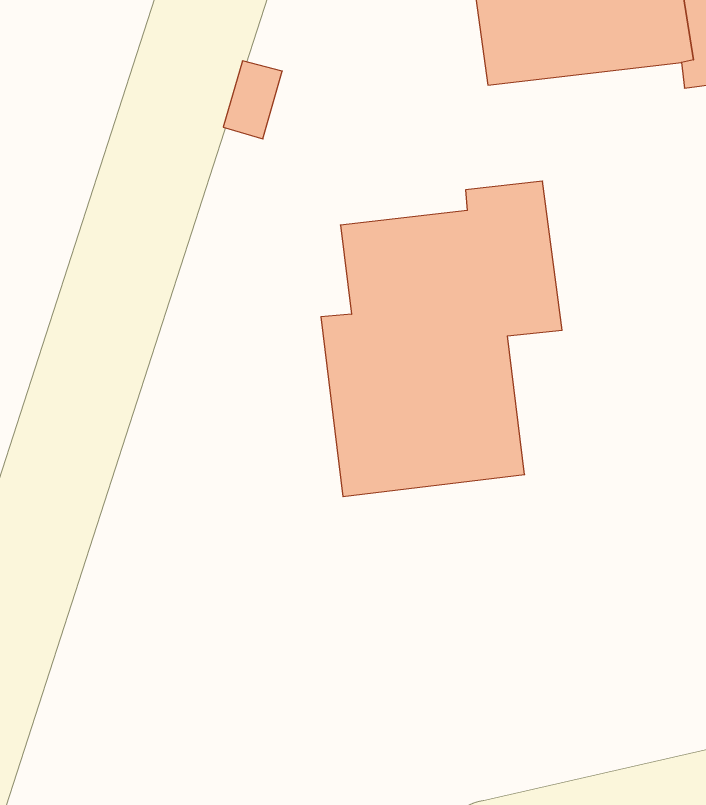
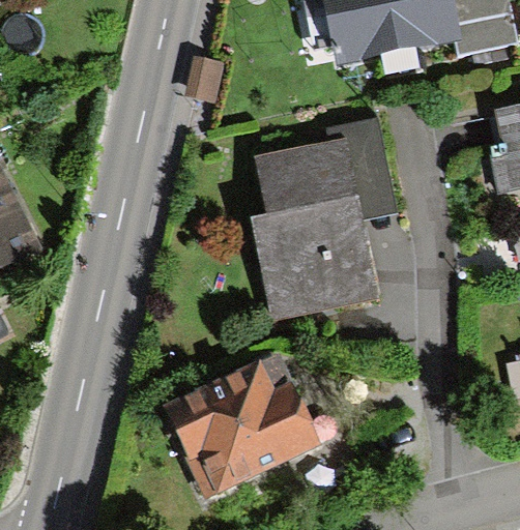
building: none -> [164,351,322,497]

